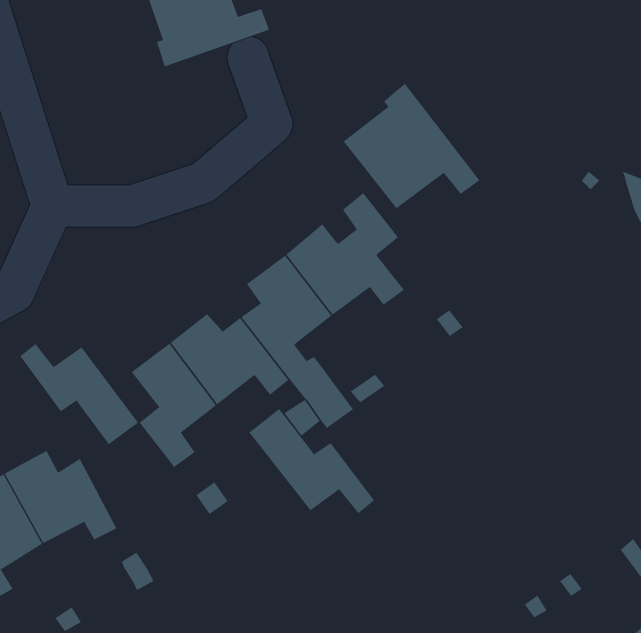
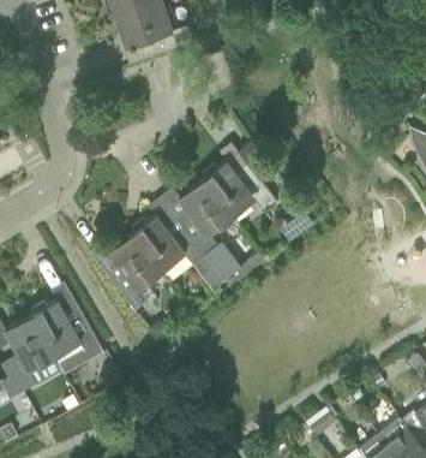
building: [343,83,480,209] -> none
building: [20,343,139,445] -> none
building: [249,408,375,514] -> none

